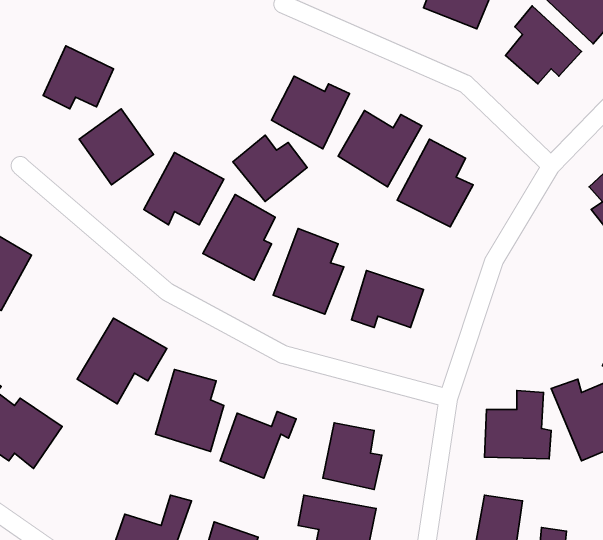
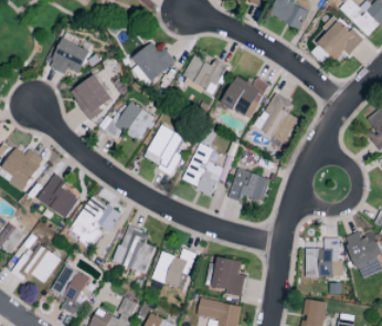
building: [233,135,307,202] -> [134,42,177,81]
building: none -> [38,173,81,218]
building: none -> [52,265,91,314]

